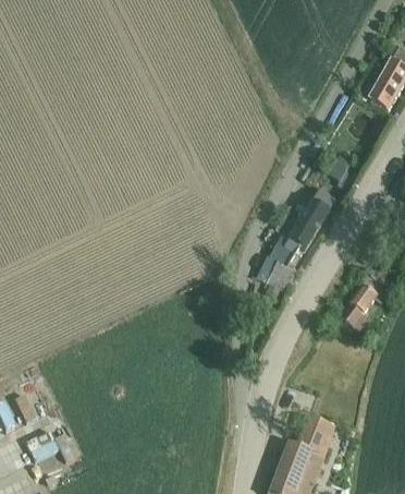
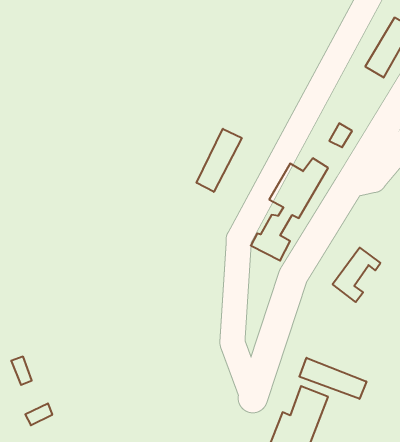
building: none -> [197,129,242,192]
building: none -> [299,358,366,399]

